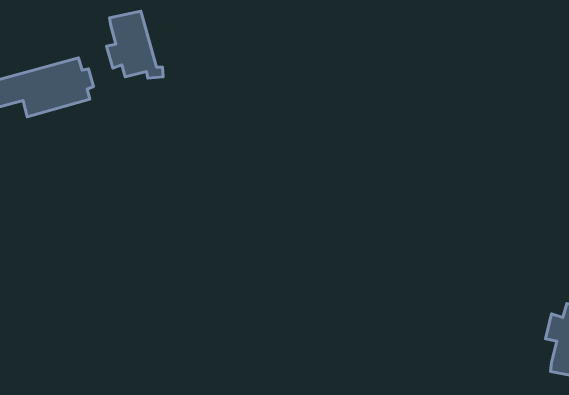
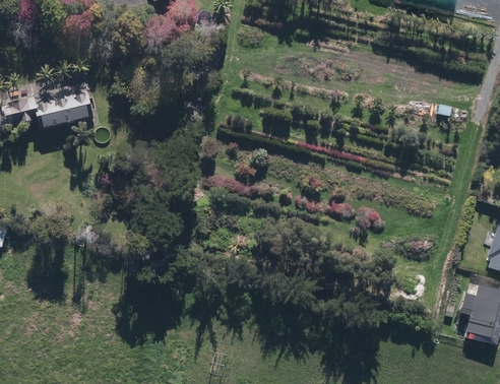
building: [107,11,163,78] -> none

